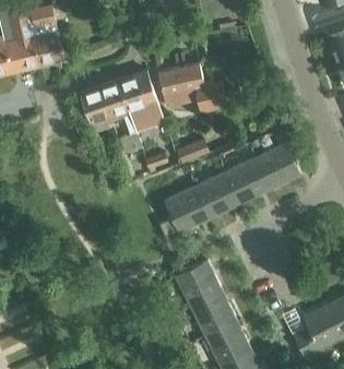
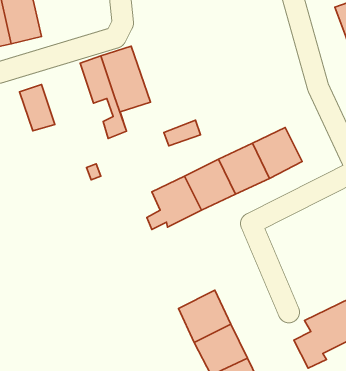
building: [158,63,226,112] -> none
building: [81,85,112,127] -> [20,85,55,131]
building: [175,260,222,306] -> none

